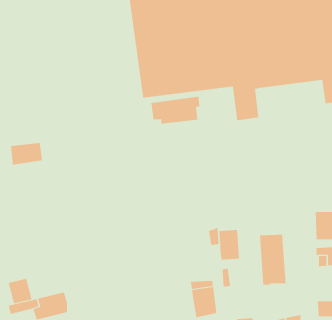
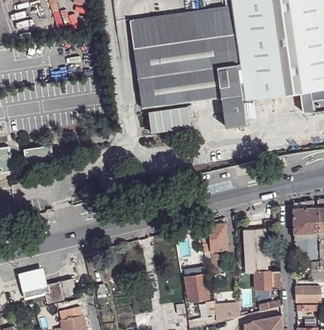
building: none -> [254,271,281,290]

